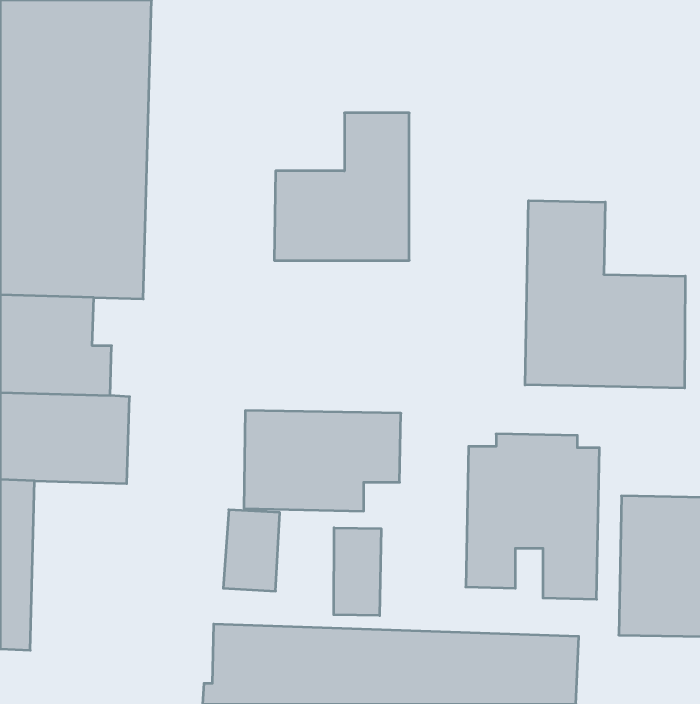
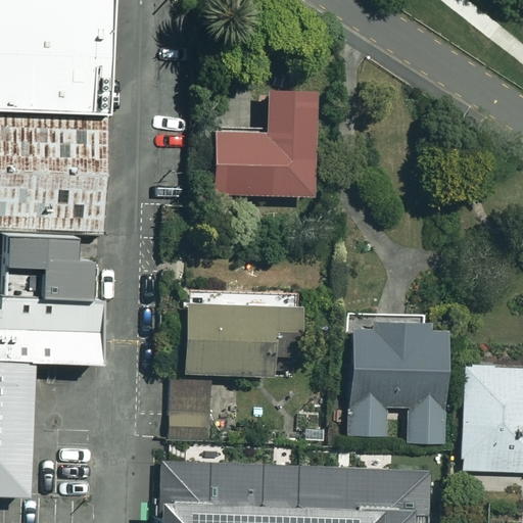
building: [525,201,685,388] -> none
building: [334,528,381,616] -> none

